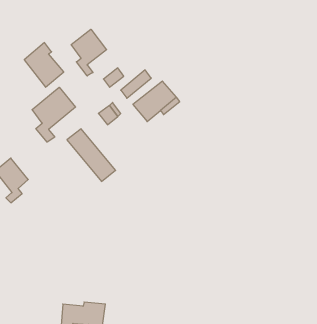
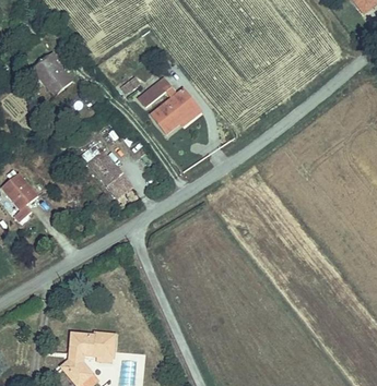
building: [71,29,107,76] -> none
building: [32,87,76,142] -> none

